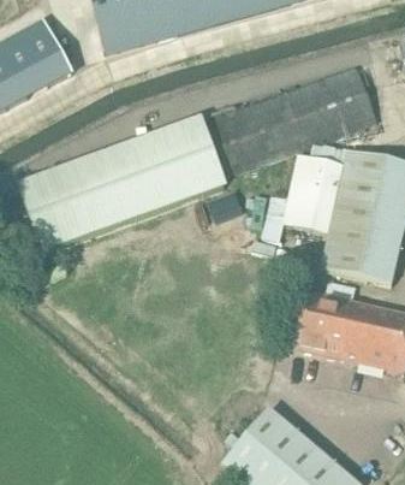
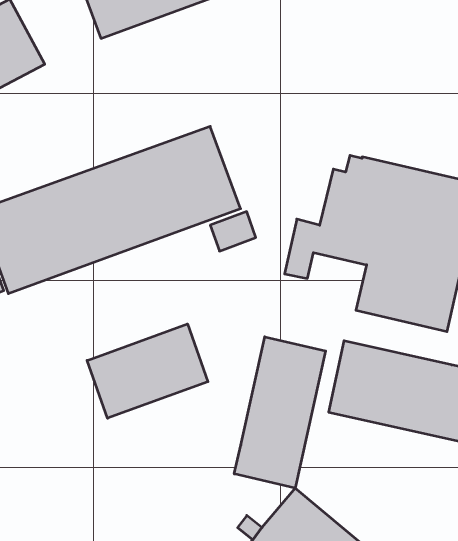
building: [208,64,376,172] -> none
building: none -> [87,324,208,418]
building: none -> [234,337,326,488]

